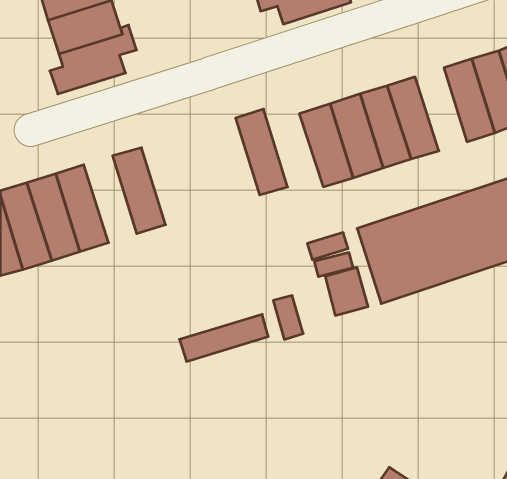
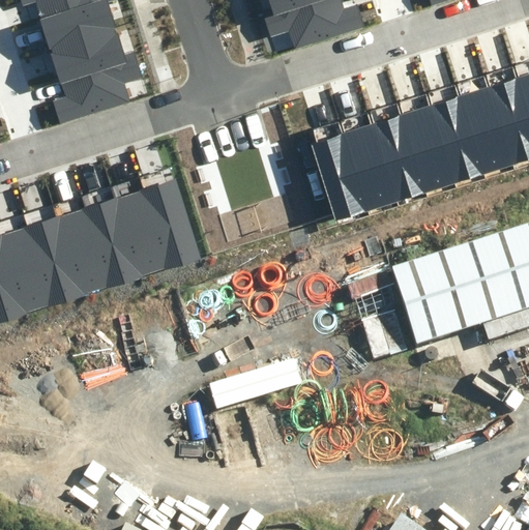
building: none -> [431,100,484,186]
building: [236,109,288,195] -> [147,174,201,263]
building: none -> [87,192,142,282]

